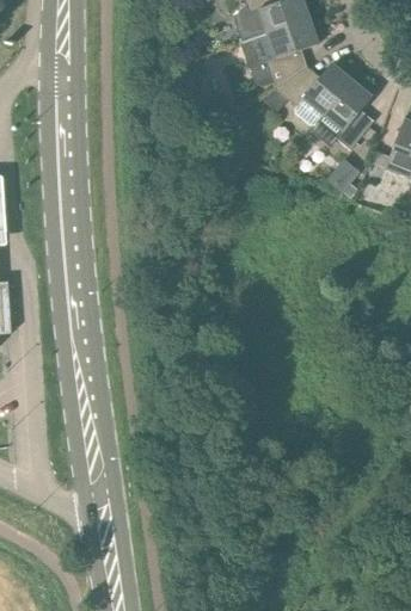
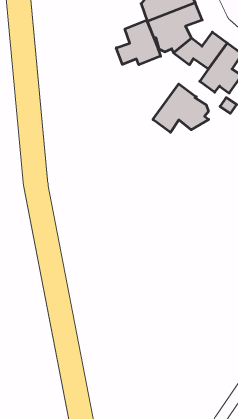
building: none -> [116,20,161,65]
building: none -> [153,84,209,132]

